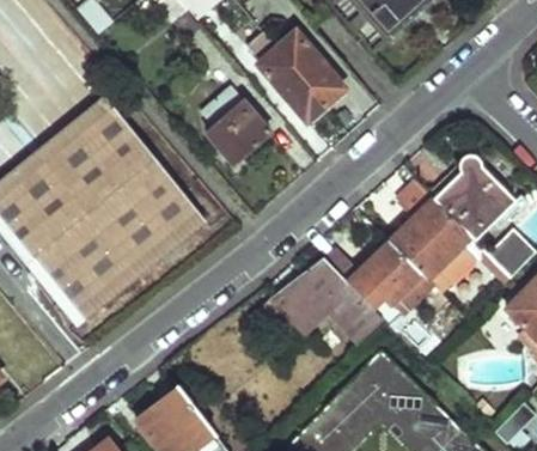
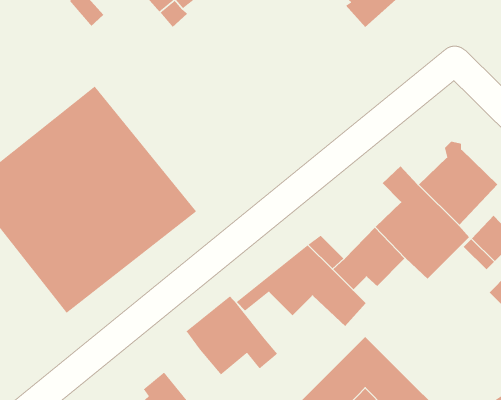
building: [257,31,341,118] -> none
building: [199,87,269,165] -> none
building: none -> [185,295,278,376]

